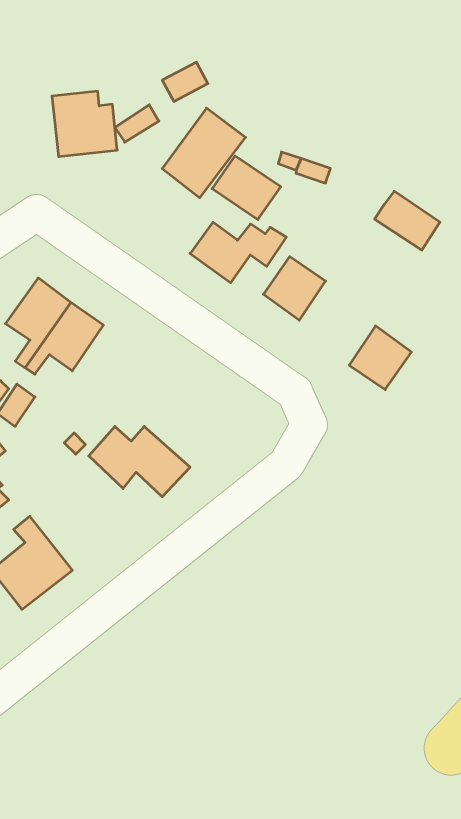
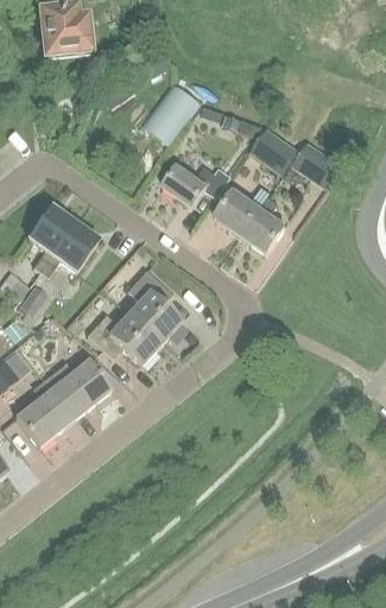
building: [52,91,117,157] -> [40,8,88,56]
building: [212,156,281,220] -> [251,128,300,175]
building: [349,326,411,390] -> [240,208,285,254]
building: none -> [127,270,181,343]
building: none -> [44,360,110,418]

